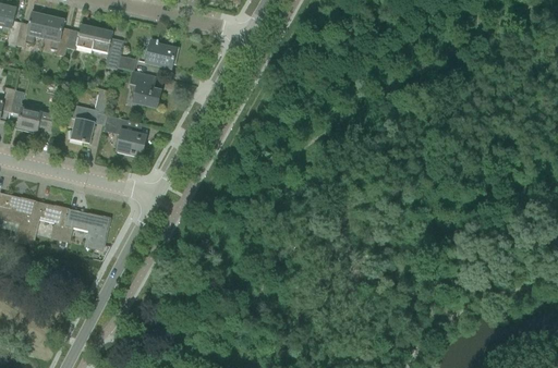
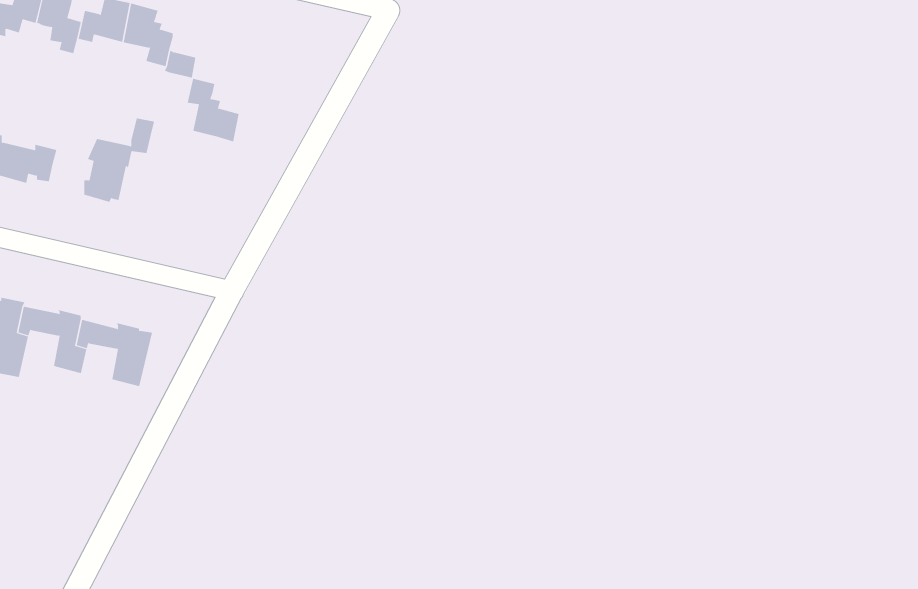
building: [145,39,179,68] -> none
building: [104,114,145,155] -> none

